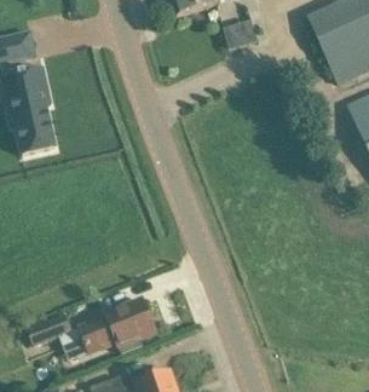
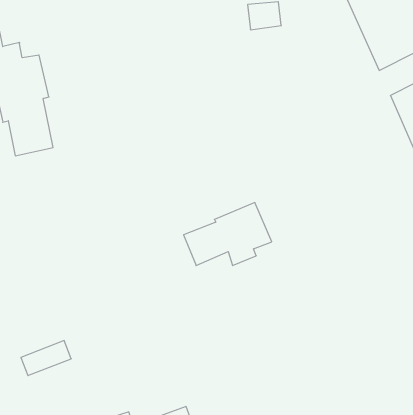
building: [79,298,155,352] -> [184,203,272,266]

